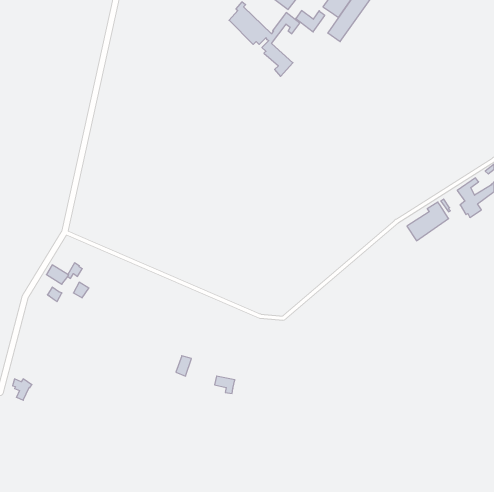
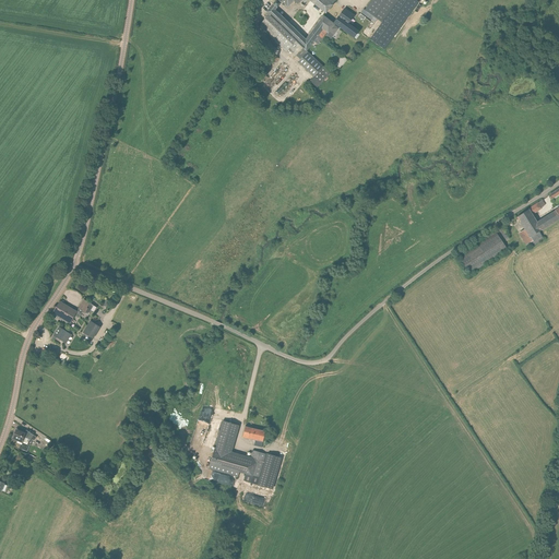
building: none -> [209,418,287,489]

